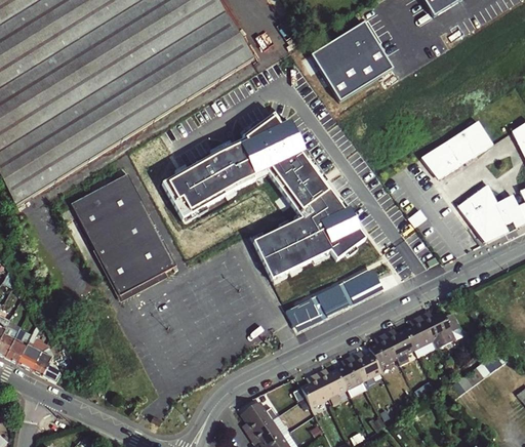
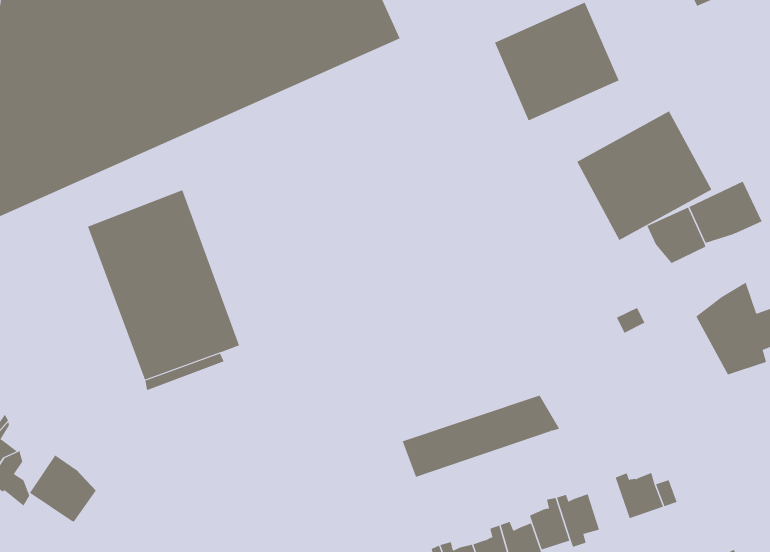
building: none -> [576,110,712,241]
building: [162,113,364,277] -> none
building: [406,315,434,349] -> none
building: none -> [29,454,96,523]

